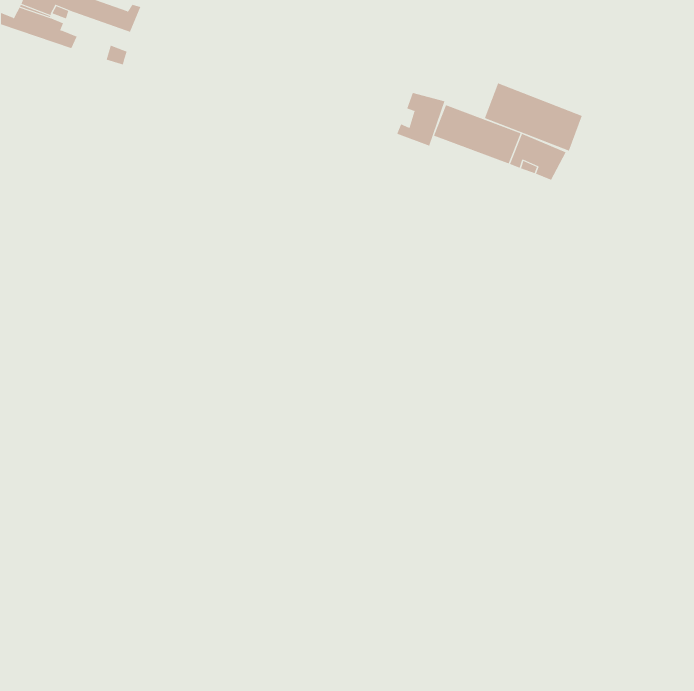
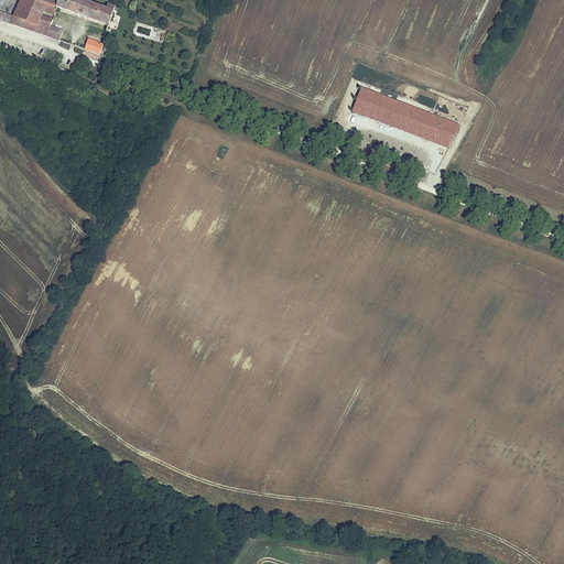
building: [484,82,583,152] -> none
building: [396,92,445,147] -> none

